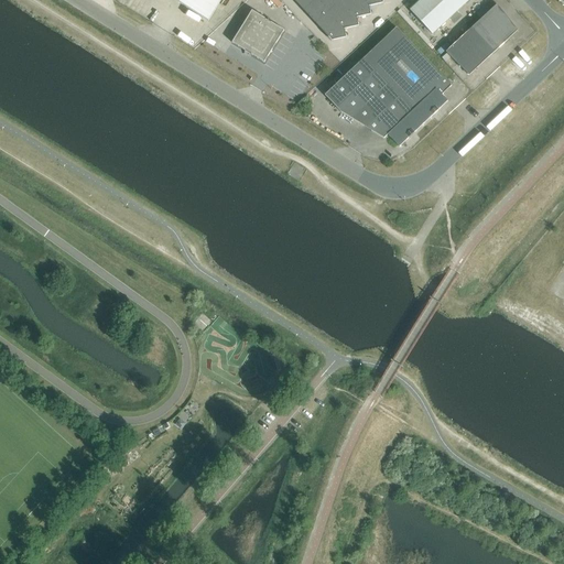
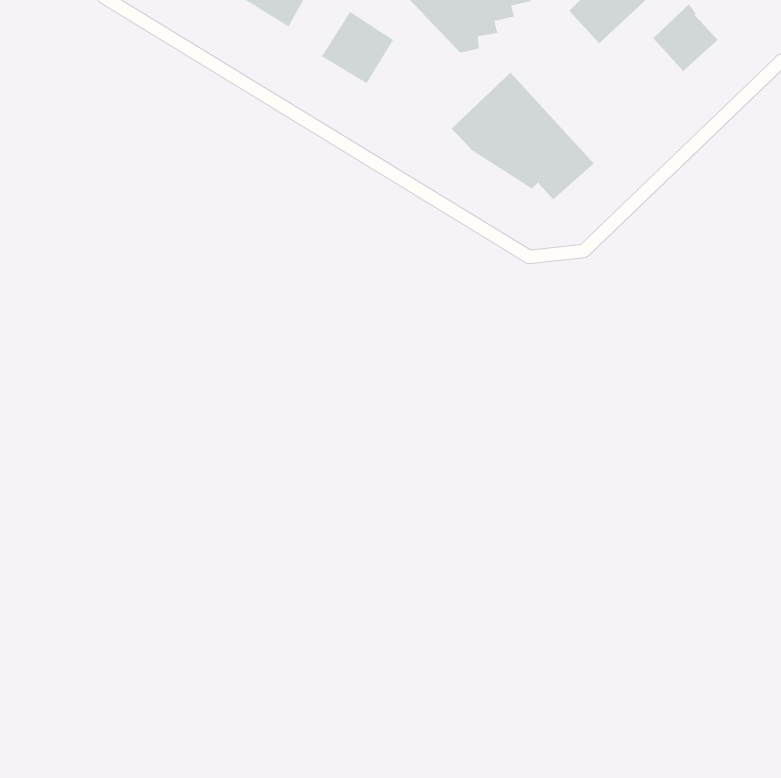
building: [368,25,452,118] -> none
building: [446,28,492,74] -> none

